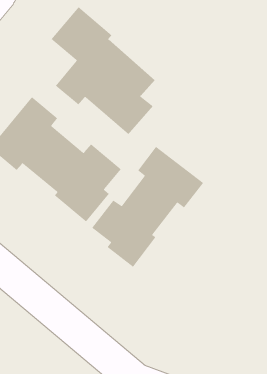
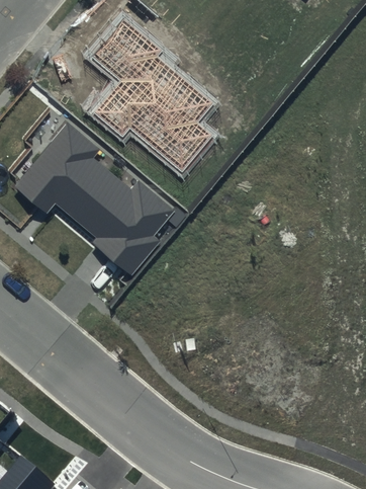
building: [91,146,204,268] -> none

